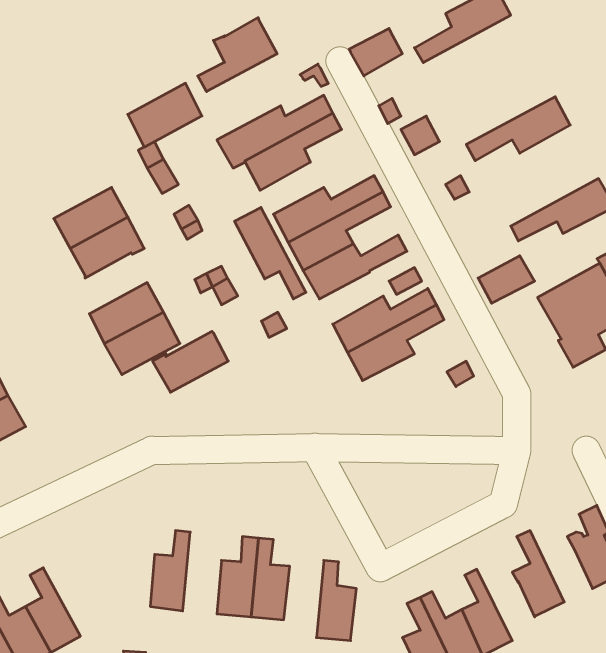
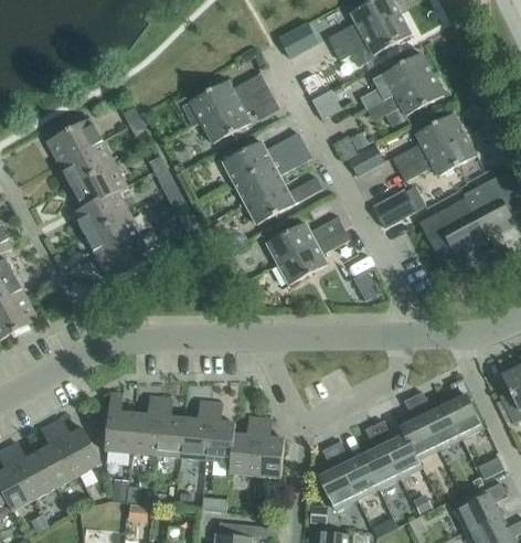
building: none -> [333,13,410,61]
building: [198,18,277,92] -> none
building: none -> [360,53,432,109]
building: [128,83,202,147] -> [46,117,102,164]
building: none -> [392,113,464,170]
building: none -> [348,145,384,177]
building: [235,207,306,299] -> none
building: [153,331,228,392] -> [72,190,128,235]
building: none -> [413,392,459,449]
building: none -> [104,393,134,453]
building: none -> [155,397,183,458]
building: none -> [228,417,259,476]
building: none -> [51,418,100,475]
building: none -> [373,420,421,478]

